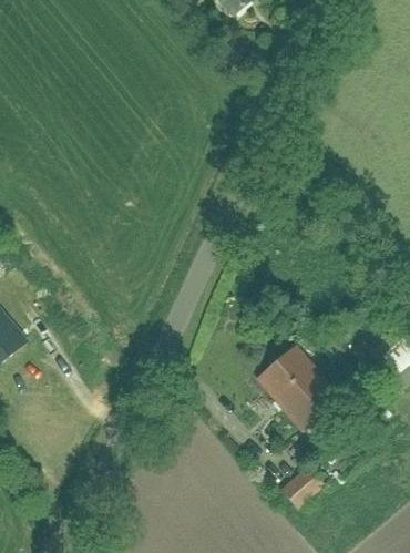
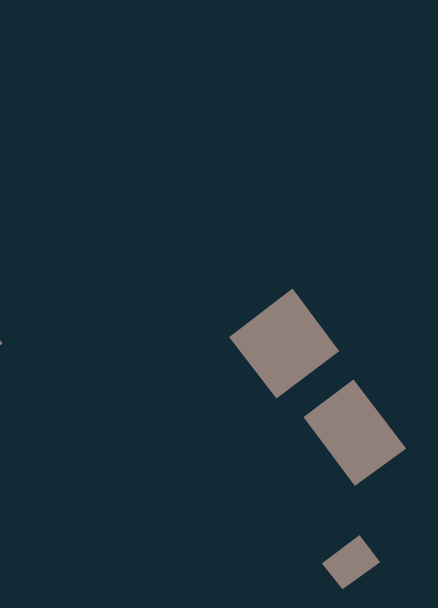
building: none -> [228,287,340,399]

